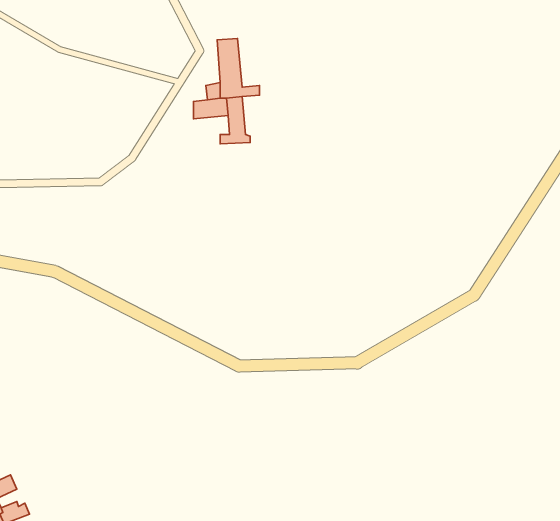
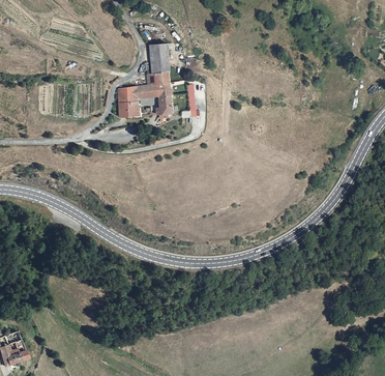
building: none -> [119,87,150,117]

